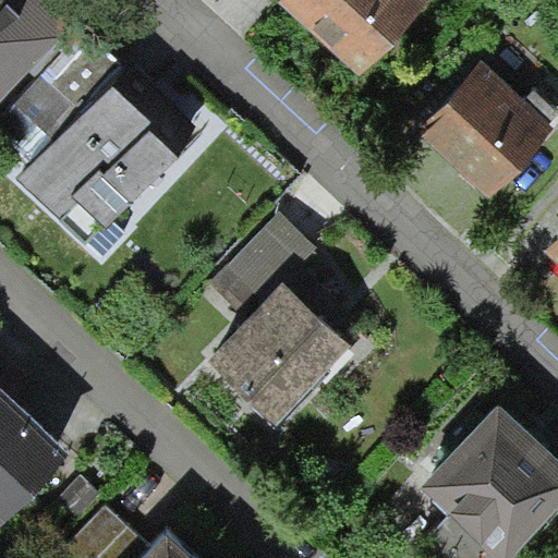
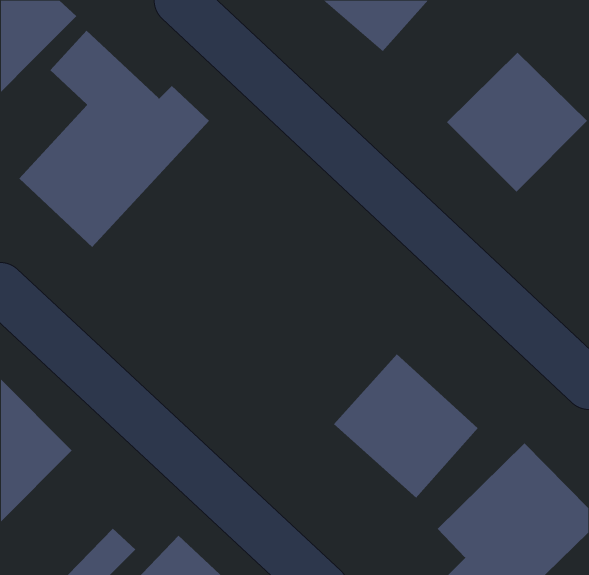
building: [201,219,335,437] -> none
building: none -> [333,354,479,499]

